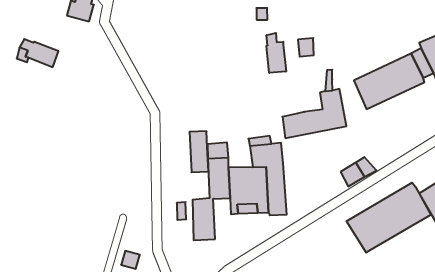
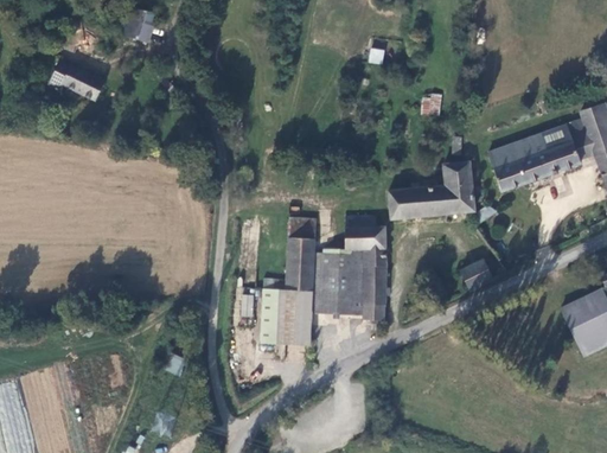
building: [266,33,286,73] -> none
building: [189,131,208,172] -> [287,292,312,346]
building: [347,183,431,253] -> none

